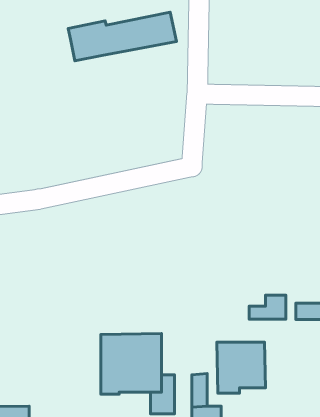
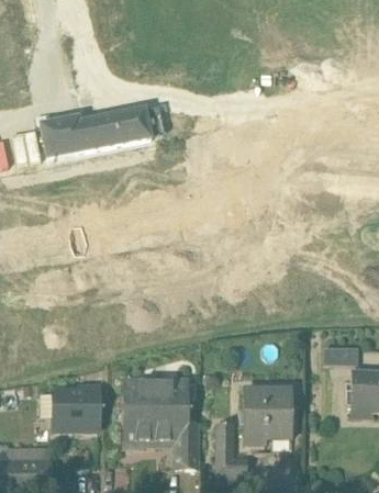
building: [68,12,177,61] -> [40,111,149,160]
building: [249,295,286,319] -> none
building: none -> [54,383,99,425]

